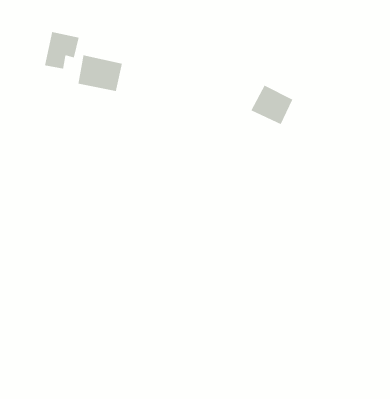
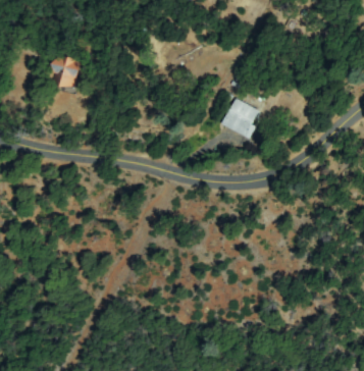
building: [78,55,122,92] -> none

